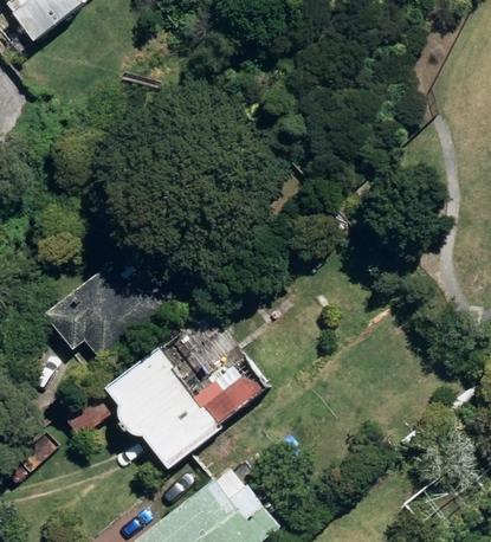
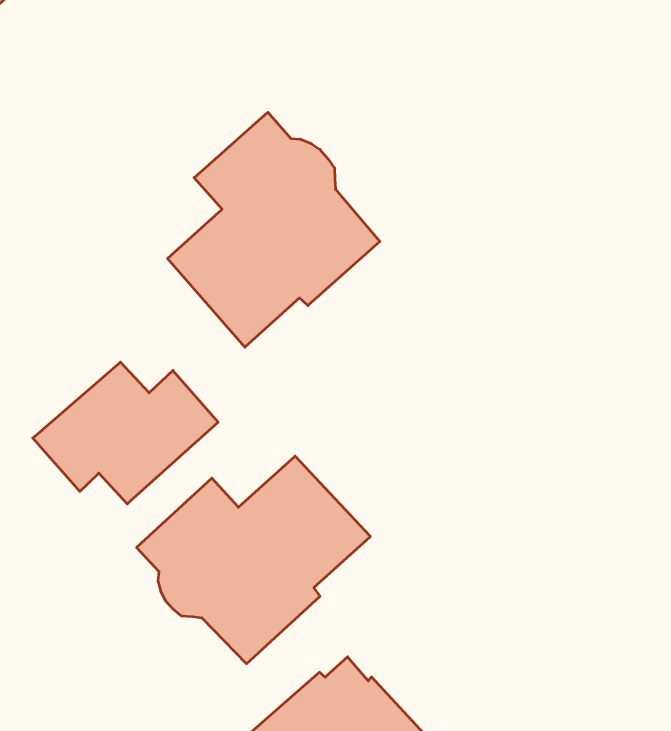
building: none -> [168,112,380,347]

